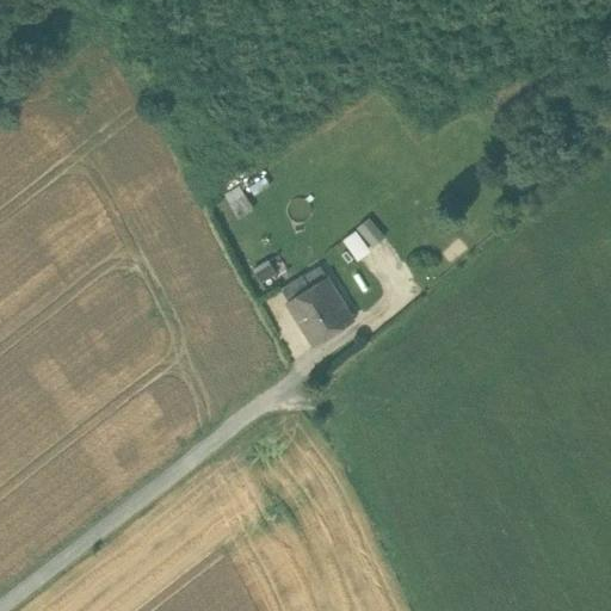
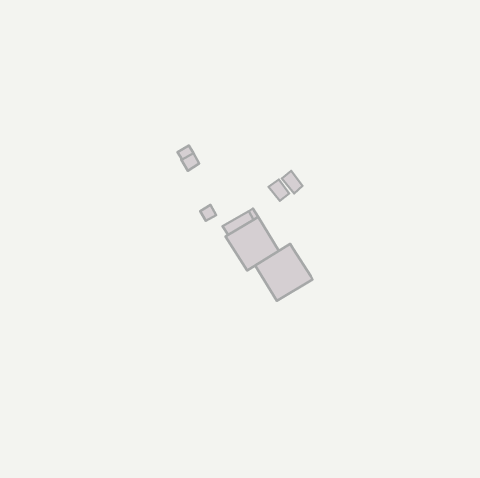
building: none -> [255,244,313,301]

